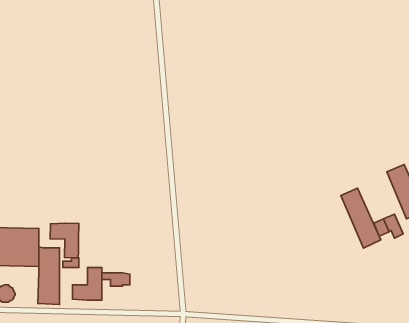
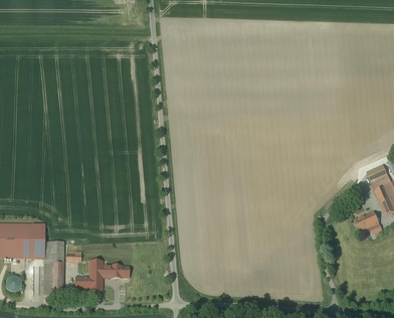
building: [341,188,381,248] -> none
building: [50,223,79,258] -> none

